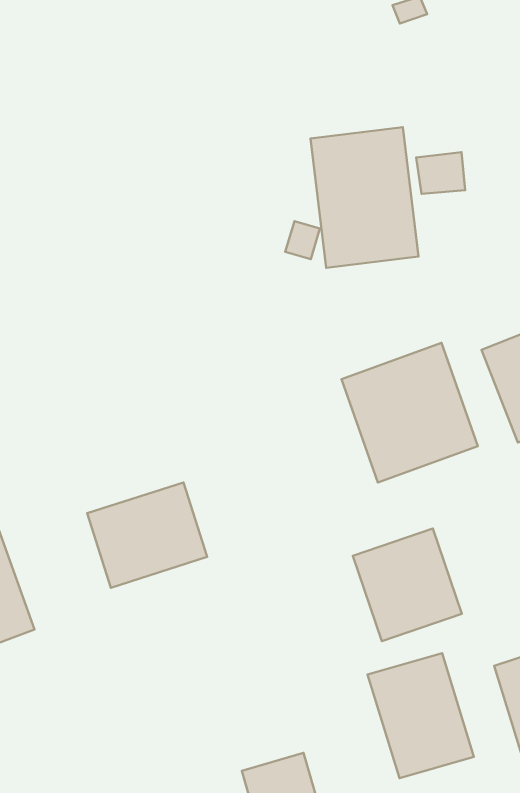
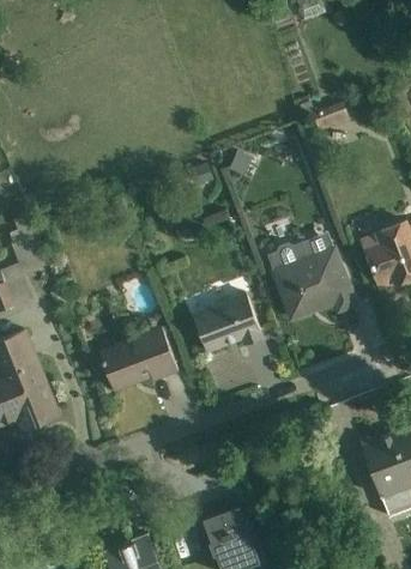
building: [311,127,418,268] -> none
building: [353,529,462,641] -> [189,278,261,352]
building: [368,653,474,778] -> none

